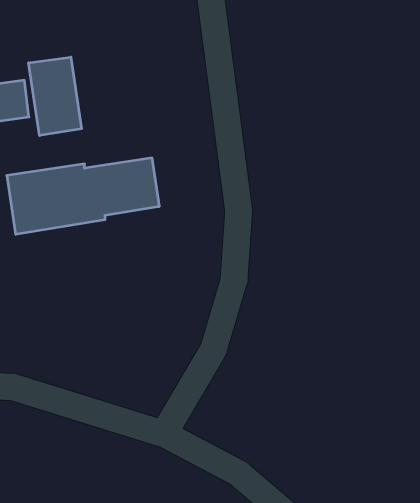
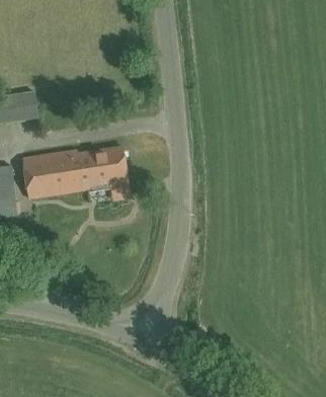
building: [29,57,82,136] -> none

